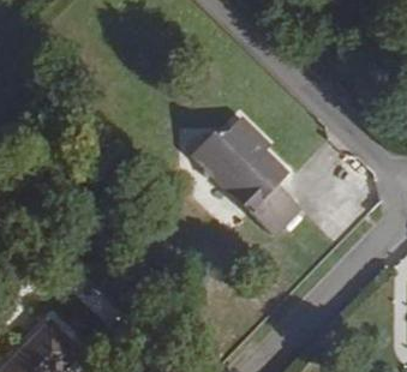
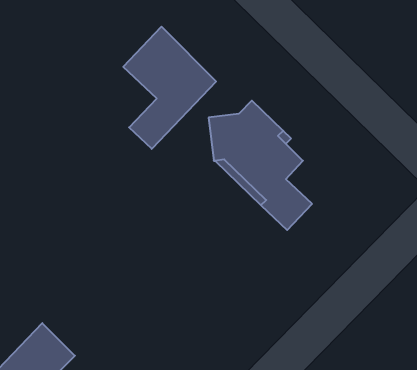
building: none -> [123,27,216,149]

